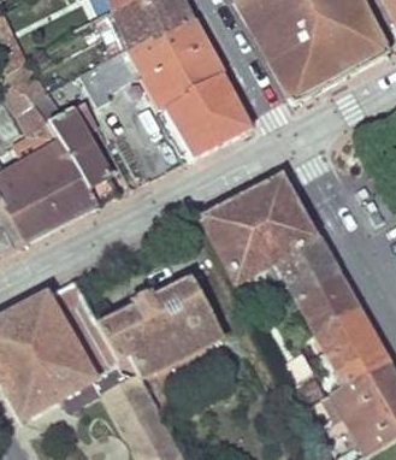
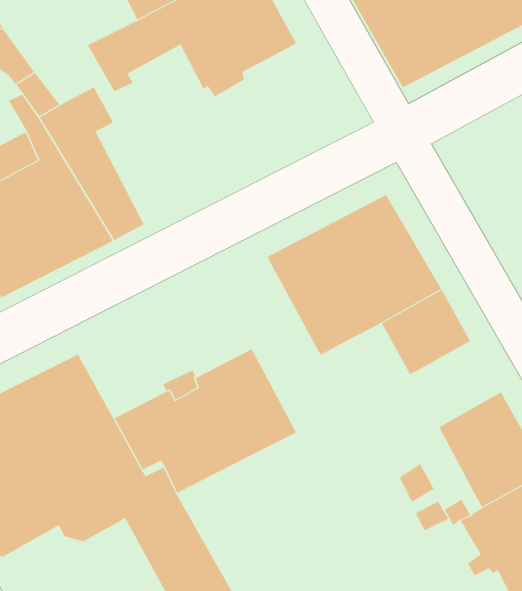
building: [165,71,249,154] -> none
building: [296,271,357,329] -> none

